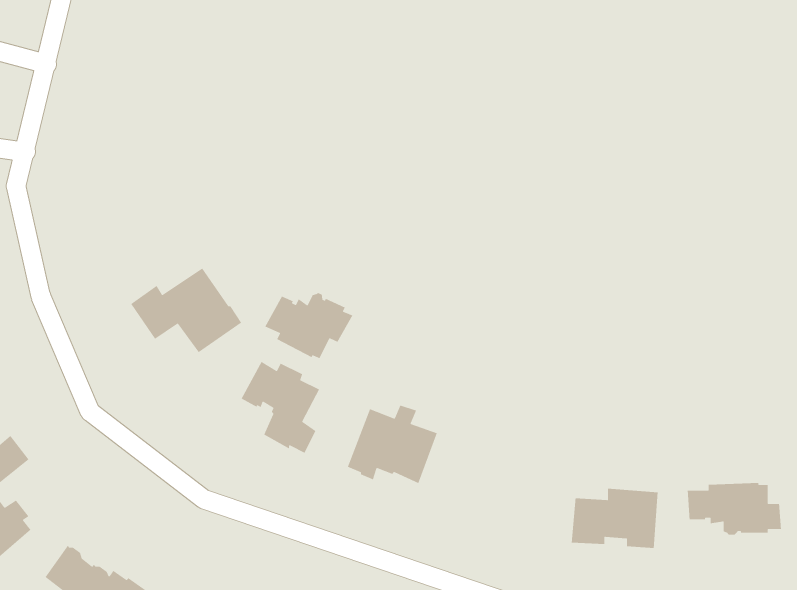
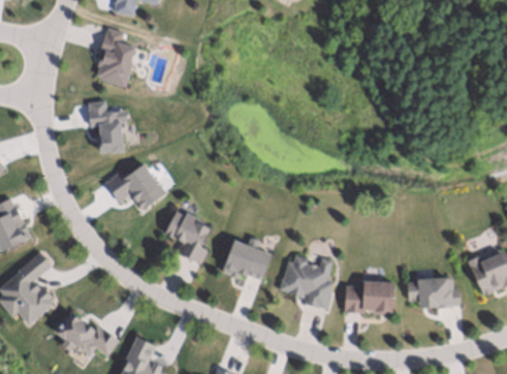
building: none -> [97,29,132,86]
building: none -> [88,100,127,152]
building: [264,292,353,359] -> none
building: none -> [280,257,330,308]

